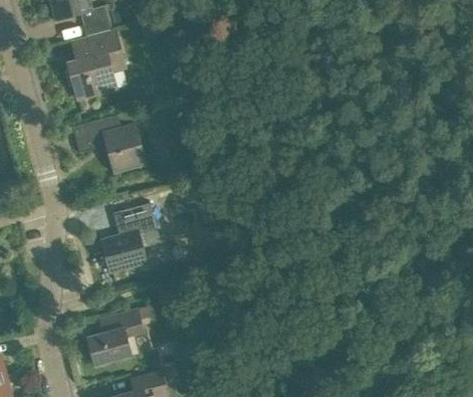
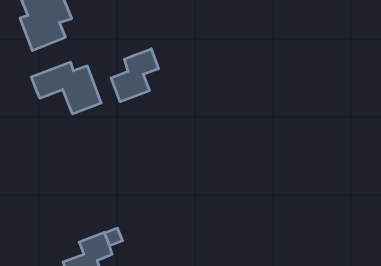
building: none -> [111,49,158,102]
building: [103,204,161,271] -> none

